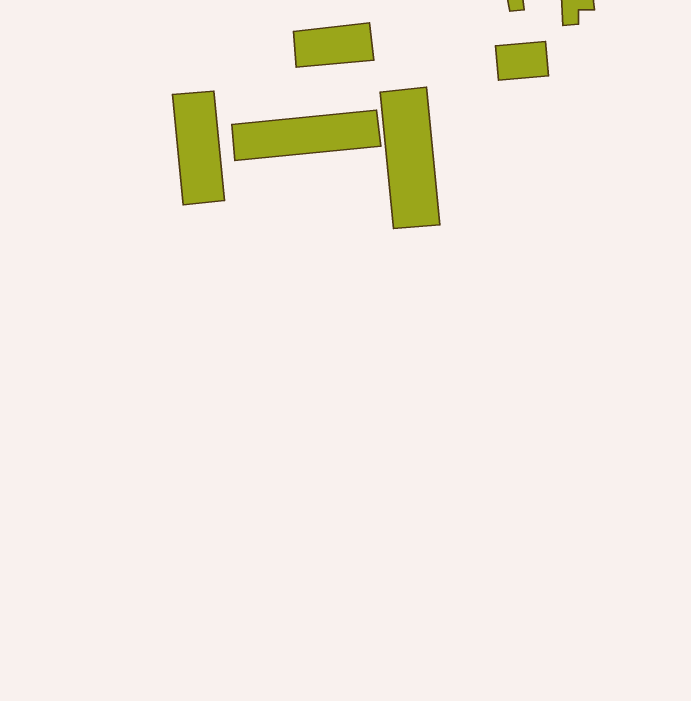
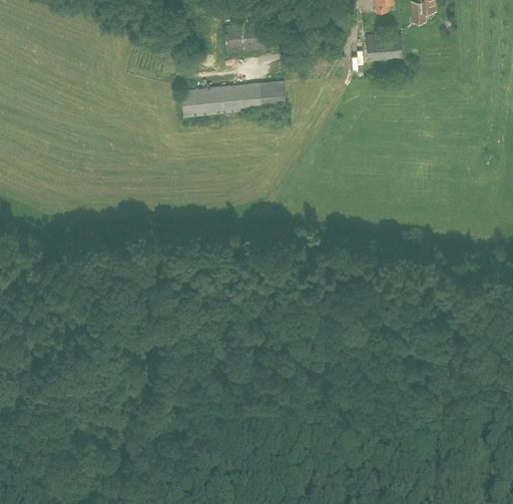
building: [380,87,440,229] -> none
building: [172,91,224,205] -> none

